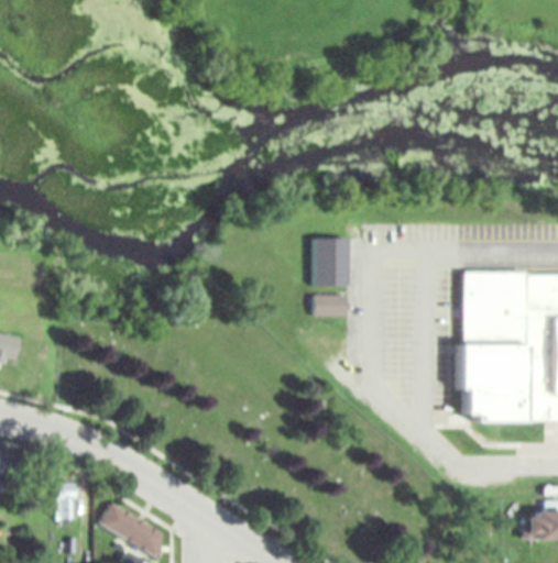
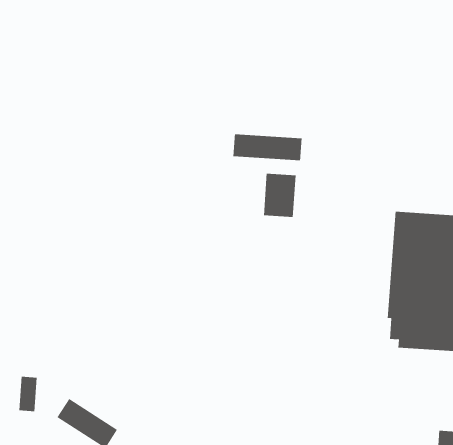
building: none -> [233,133,302,161]
building: [315,295,347,314] -> none

